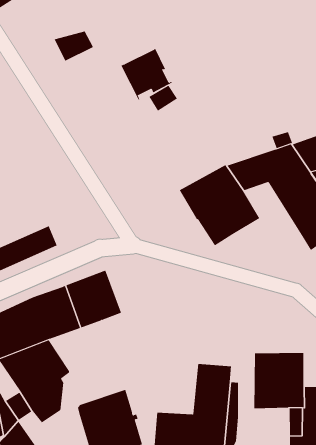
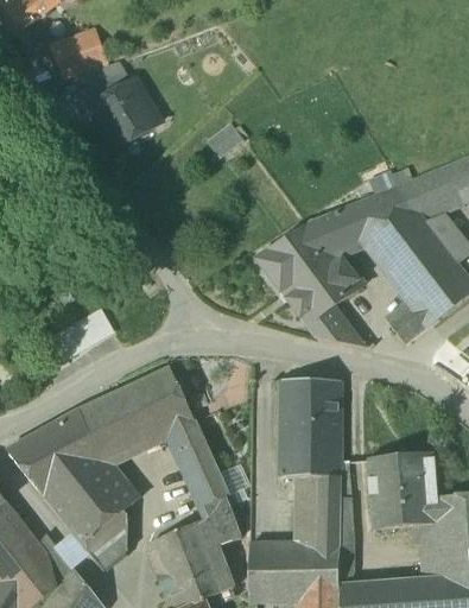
building: none -> [51,32,104,78]
building: [121,48,173,100] -> [90,81,159,150]
building: none -> [305,309,355,346]
building: none -> [389,304,429,343]
building: none -> [278,379,341,477]
building: none -> [169,420,240,545]

